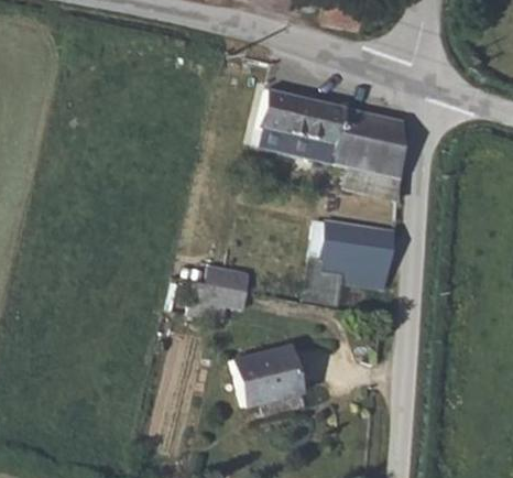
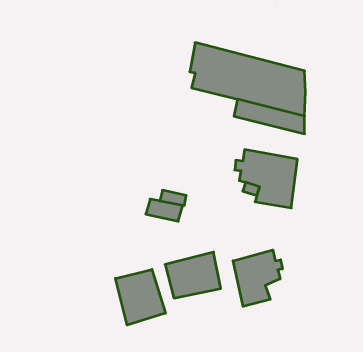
building: none -> [233,250,282,306]
building: none -> [115,269,165,325]

